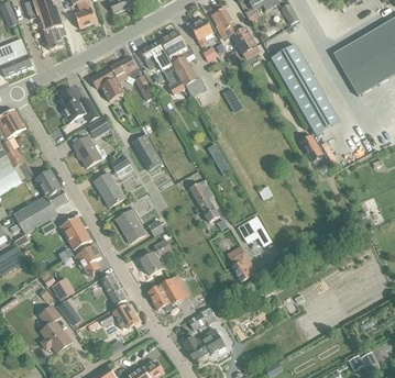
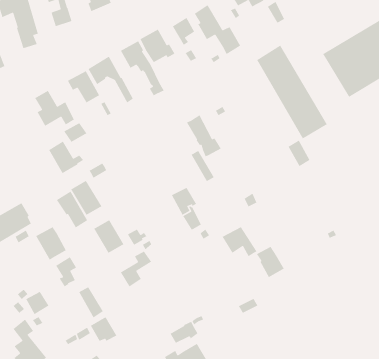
building: [172,55,206,97] -> [186,114,222,158]
building: [131,134,162,170] -> none
building: [36,170,67,207] -> [56,190,88,229]
building: [229,251,256,281] -> [256,246,285,278]
building: [147,278,182,310] -> none

